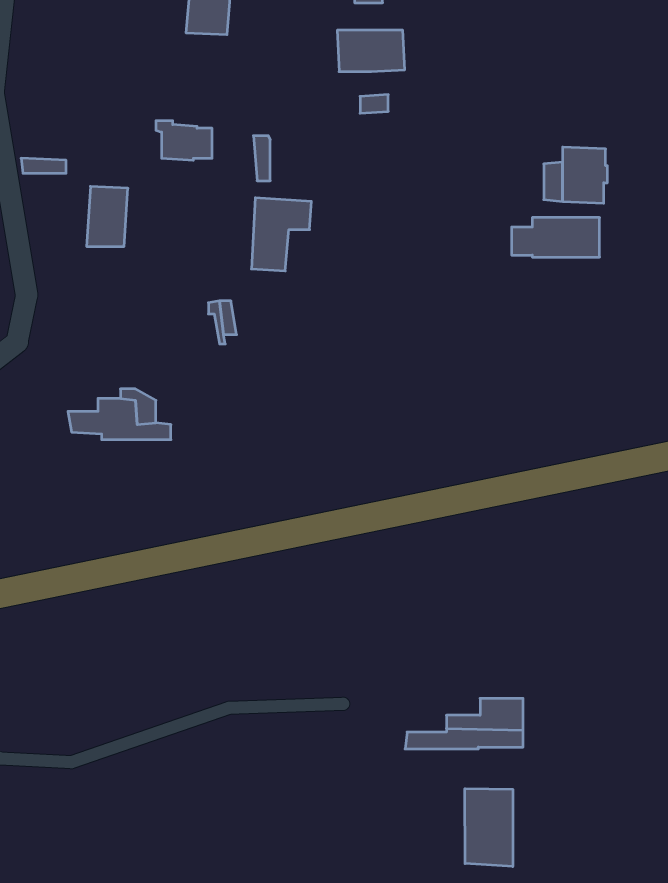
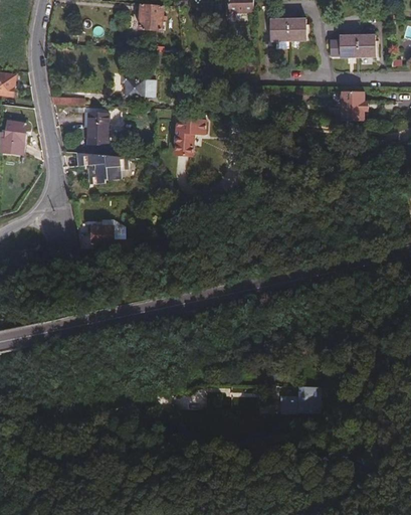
building: [337,30,405,72] -> [270,18,306,40]
building: [512,218,600,257] -> [328,35,375,56]
building: none -> [77,152,124,184]
building: [465,789,513,867] -> none

